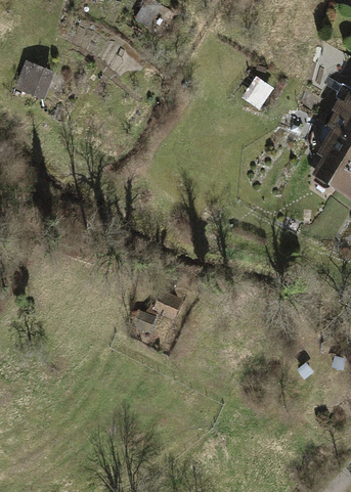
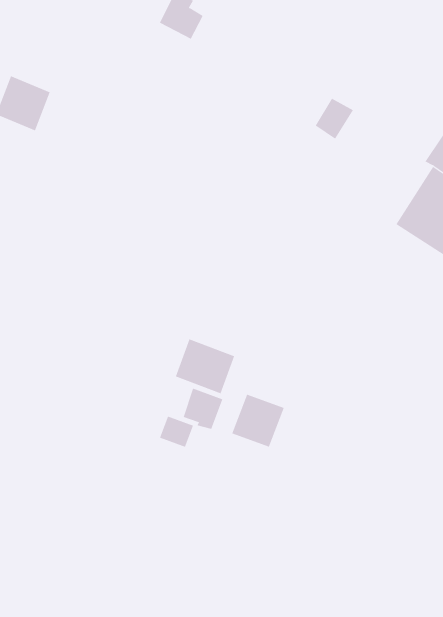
building: none -> [175,338,235,394]
building: none -> [231,394,284,448]

